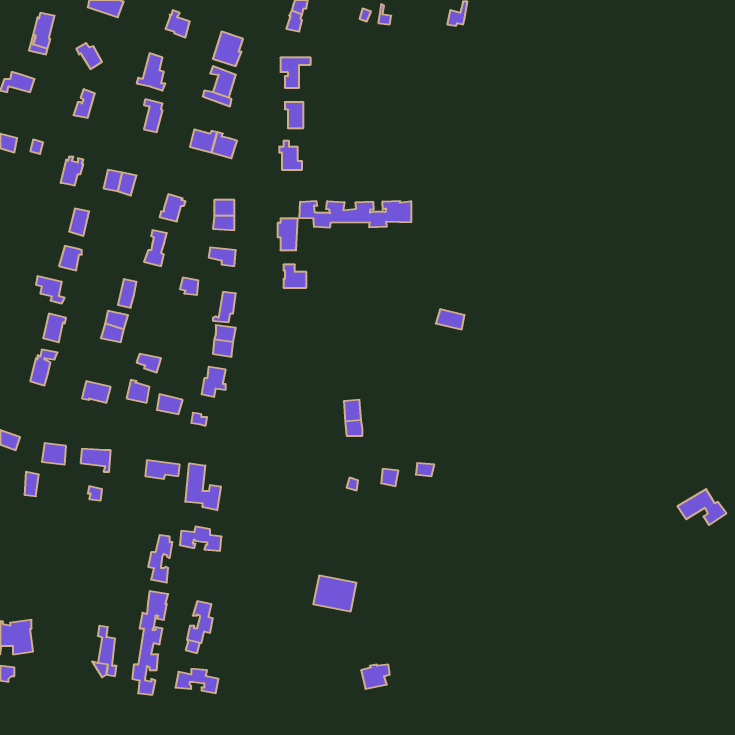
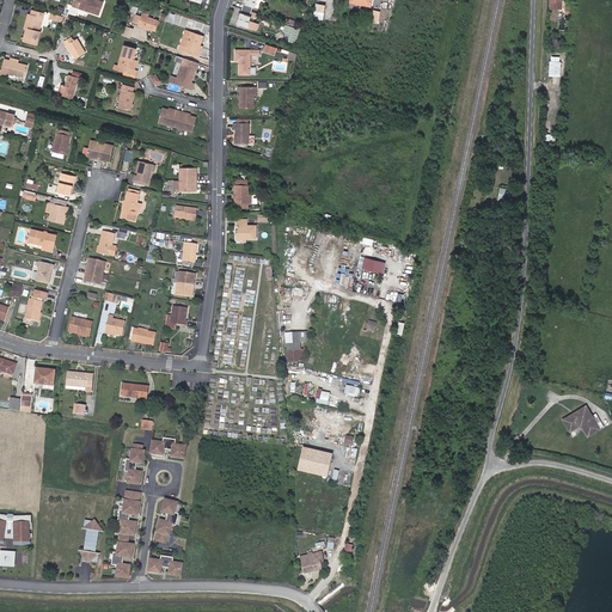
building: [299,201,411,228] -> none
building: [185,463,221,510] -> none
building: [313,576,356,611] -> [299,447,335,477]

